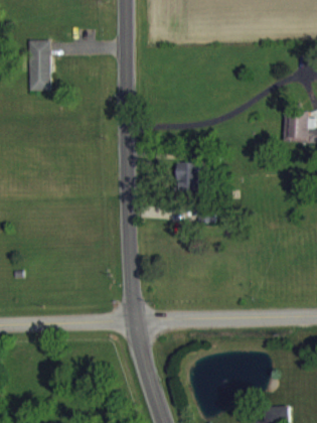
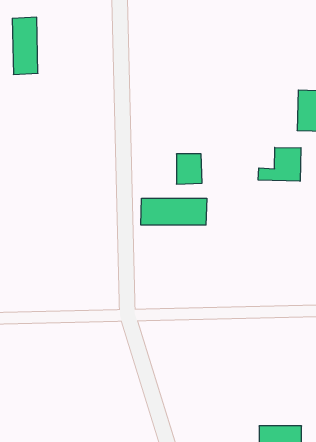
building: none -> [258,147,301,181]
building: none -> [141,198,207,225]

